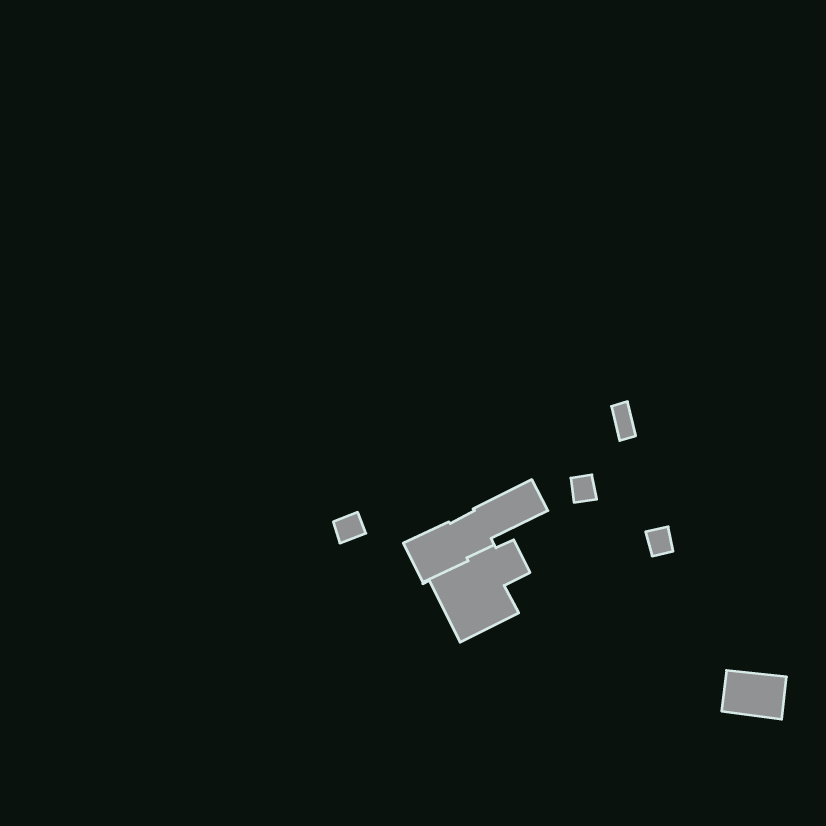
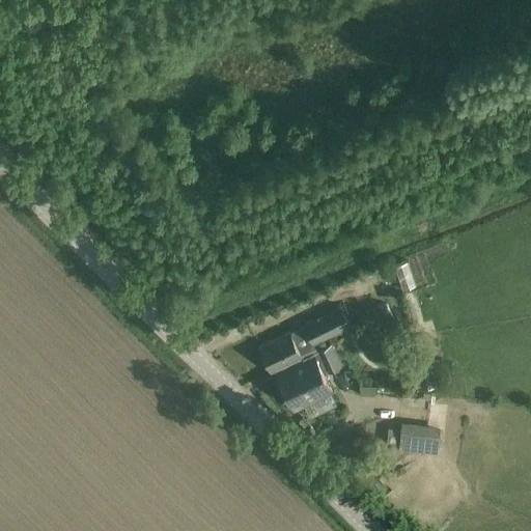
building: [722,670,787,719] -> [396,424,438,455]

